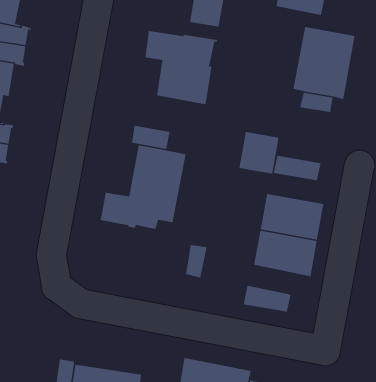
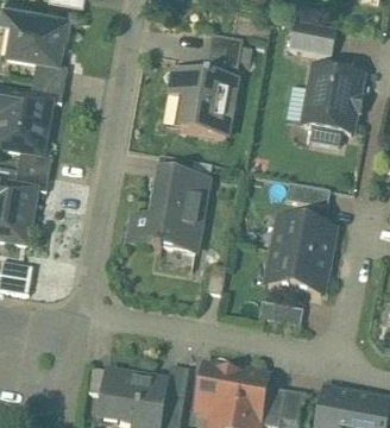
building: [238,131,279,175] -> none

